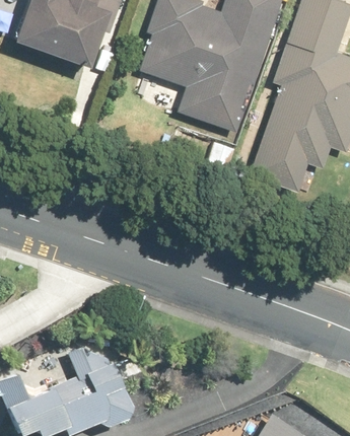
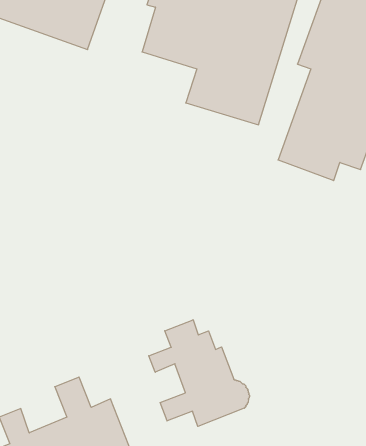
building: none -> [149,320,249,426]

